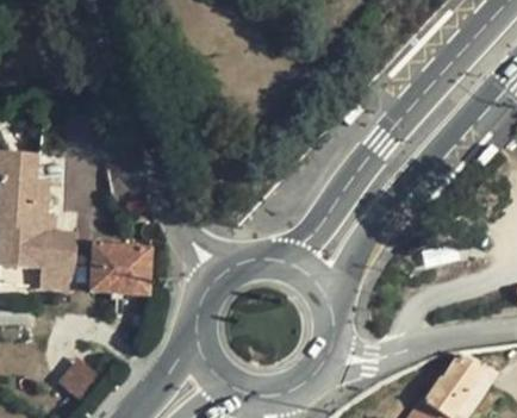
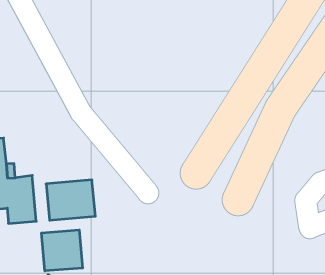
building: none -> [42,230,83,271]

